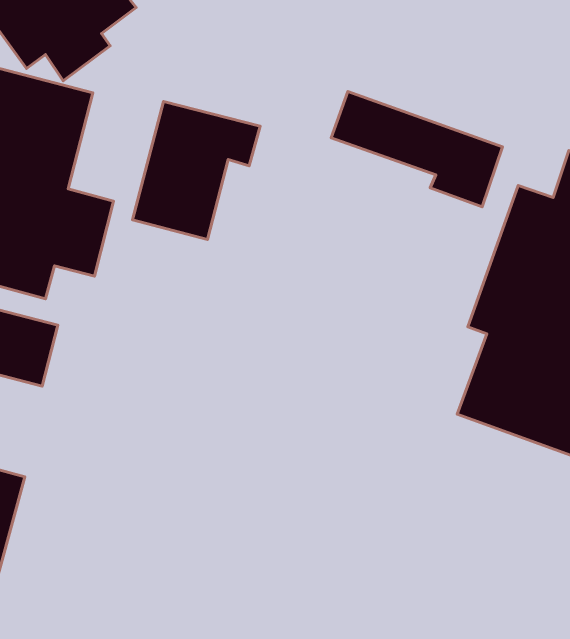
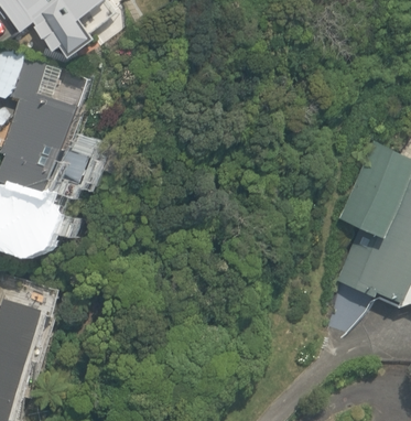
building: [331,91,503,207] -> none
building: [132,102,260,240] -> none

